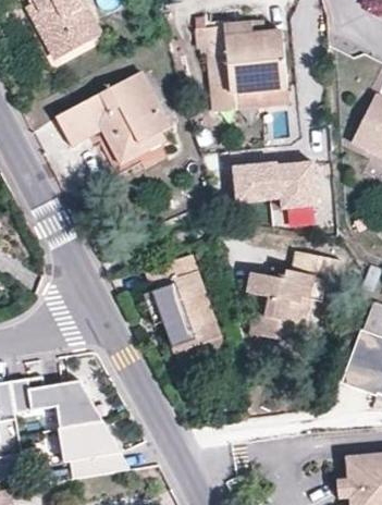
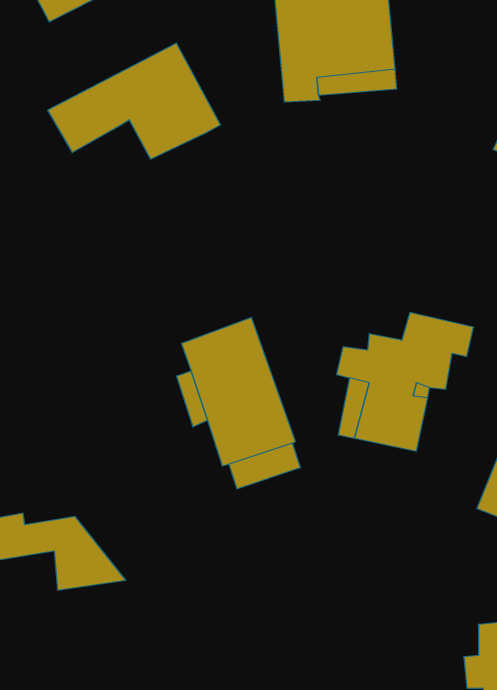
building: [98,122,165,164] -> none
building: [231,160,317,210] -> none
building: [61,429,127,482] -> none

